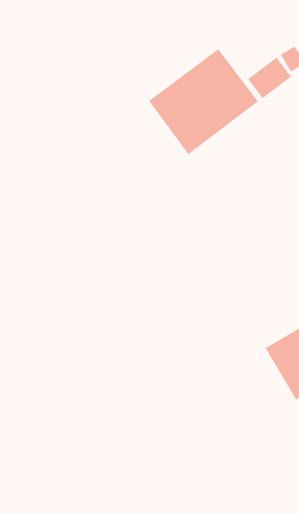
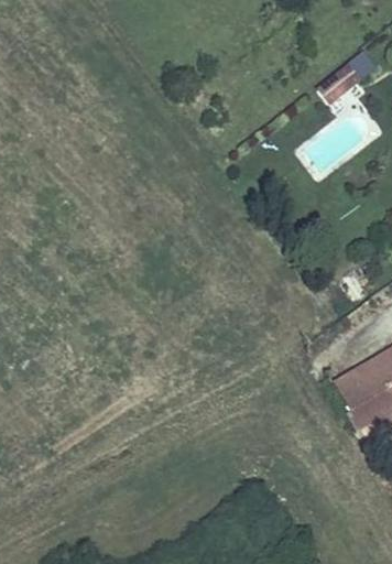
building: [148,48,259,155] -> none

